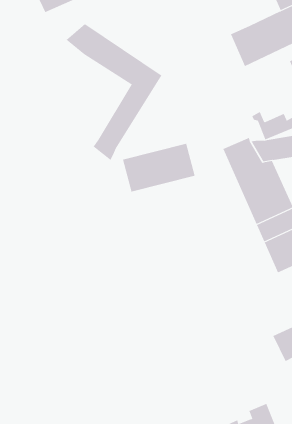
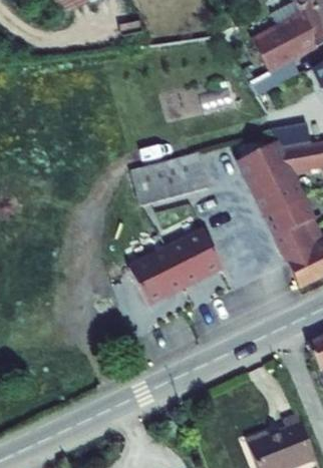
building: [66,23,162,161] -> none
building: none -> [132,223,227,298]

